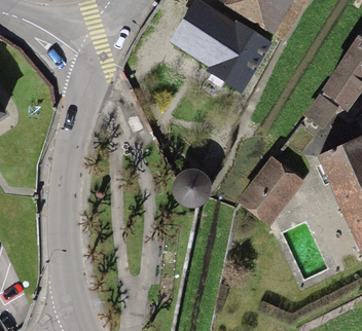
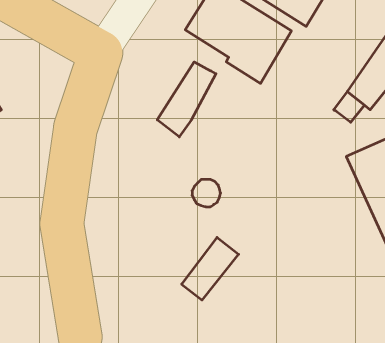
building: none -> [157,62,216,137]
building: [241,157,292,214] -> [182,237,239,300]

